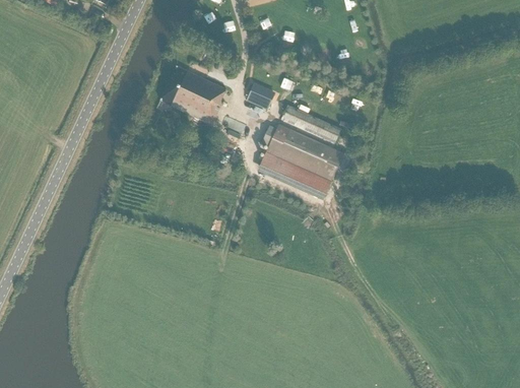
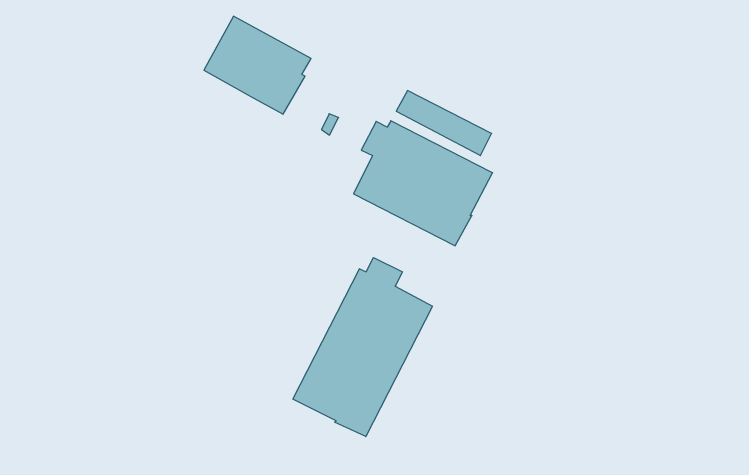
building: [247,83,275,111] -> none
building: none -> [293,258,432,437]

